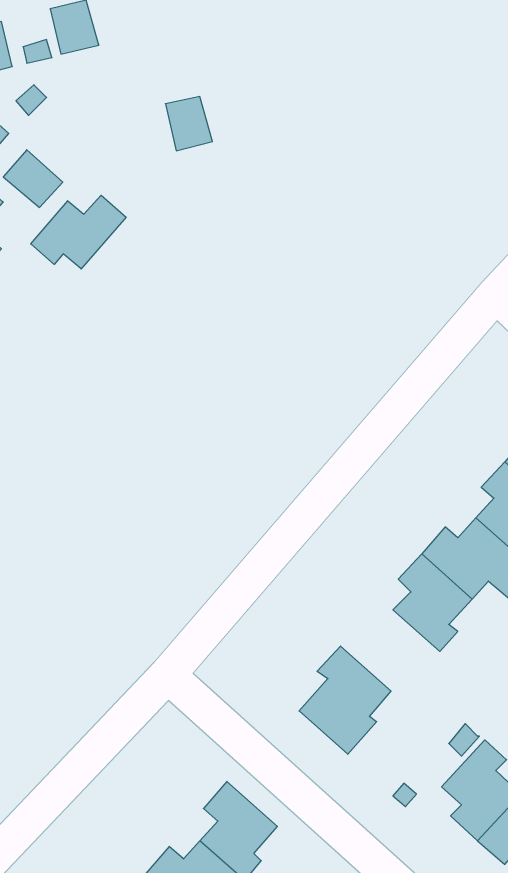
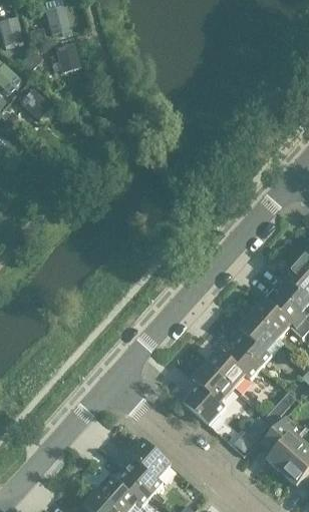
building: [165,97,212,151] -> [54,44,80,74]
building: [31,195,126,269] -> none
building: none -> [206,345,261,390]

